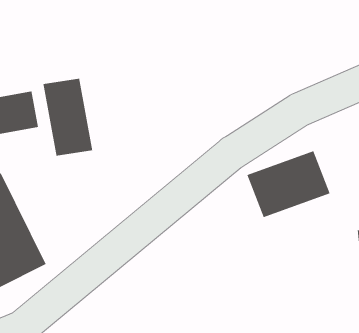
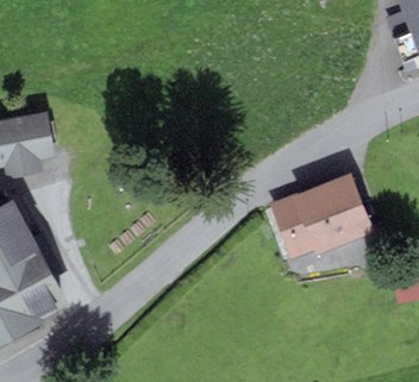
building: [43,78,93,156] -> none

